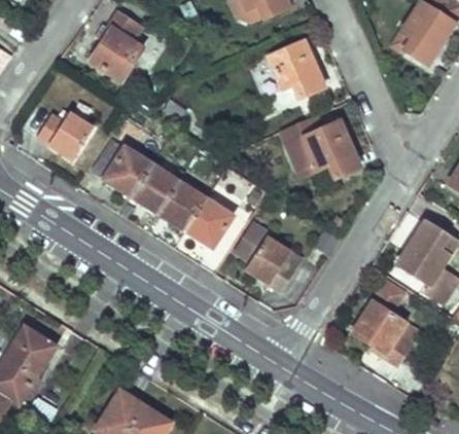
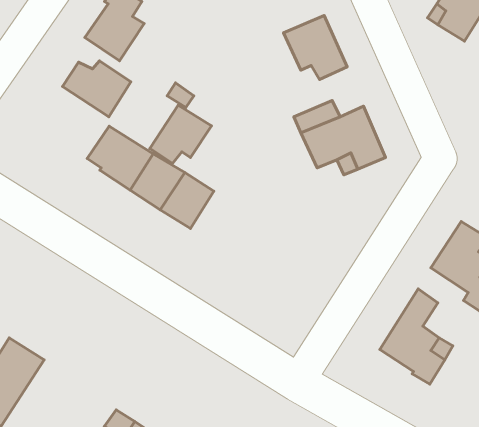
building: [33,109,94,158] -> [62,61,131,117]
building: none -> [150,105,211,164]
building: [185,195,233,246] -> none
building: [237,230,298,289] -> none

